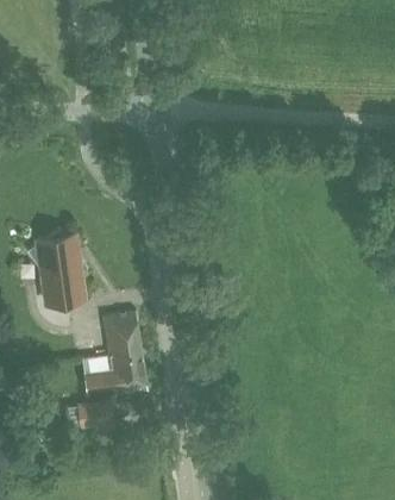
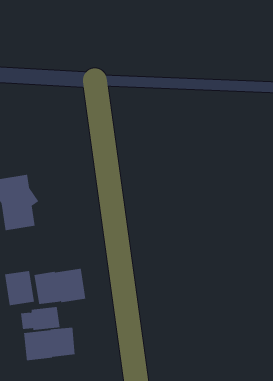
building: [102,310,140,354] -> [4,270,35,306]
building: none -> [24,327,75,361]

